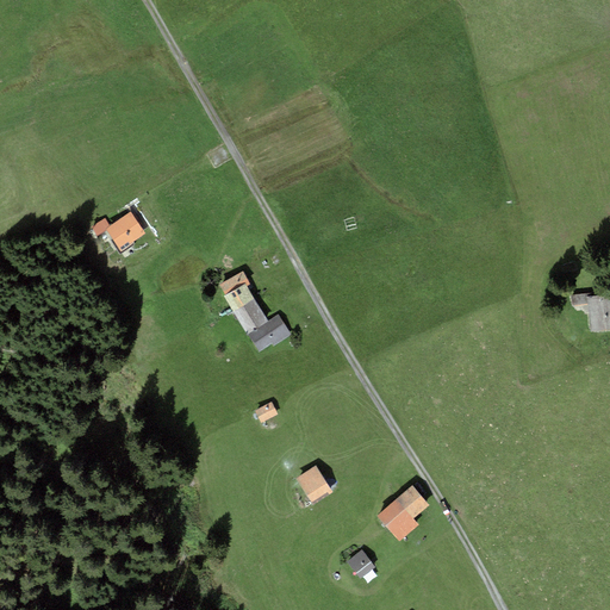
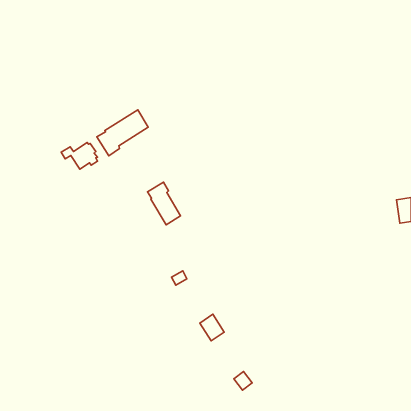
building: none -> [97,110,148,156]
building: [247,313,290,350] -> none
building: [376,484,429,540] -> none

